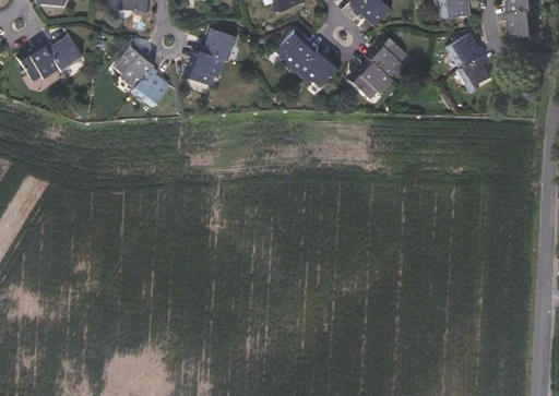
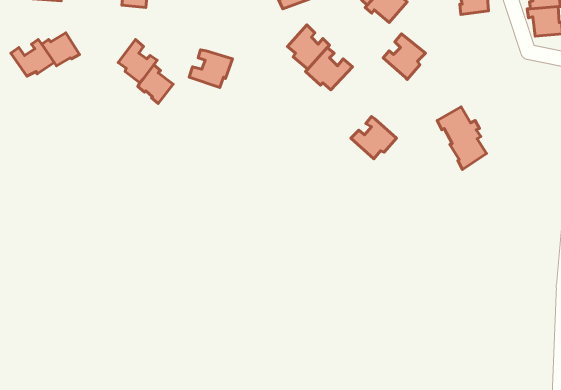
building: [200,28,238,61] -> none
building: [448,33,495,93] -> [437,107,486,170]
building: [346,57,390,97] -> [351,117,397,159]

